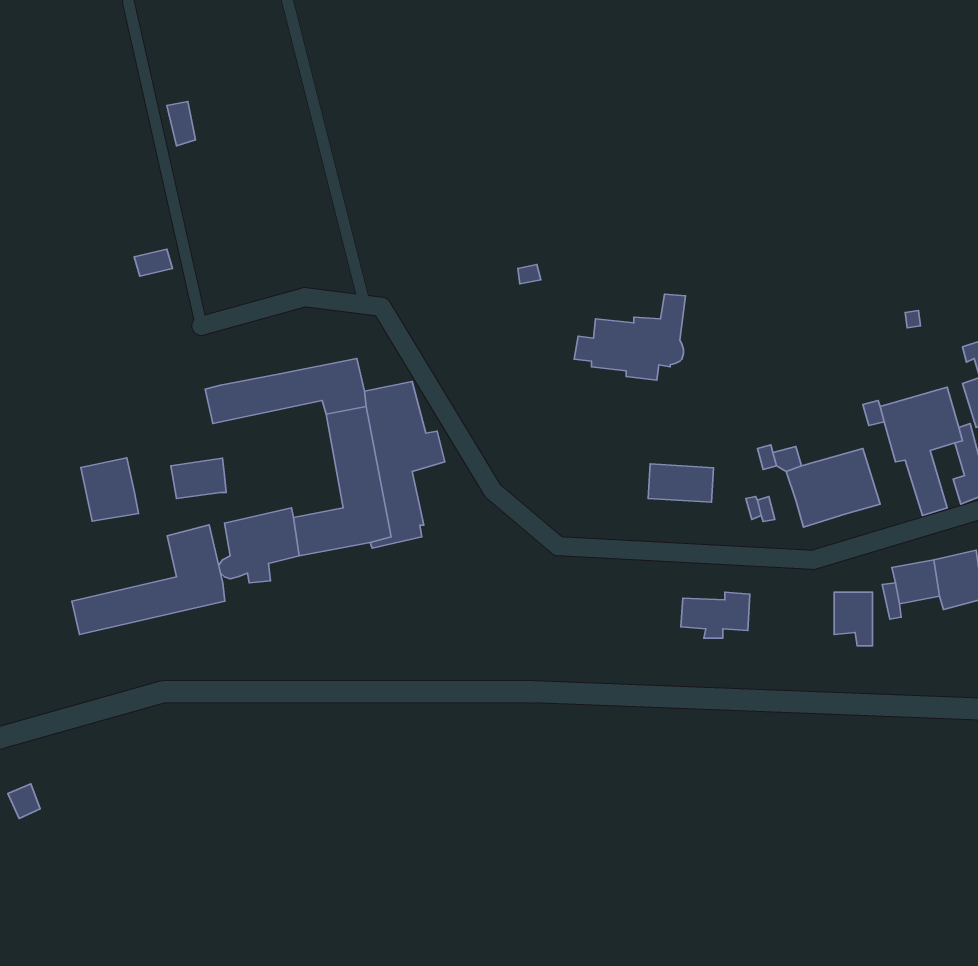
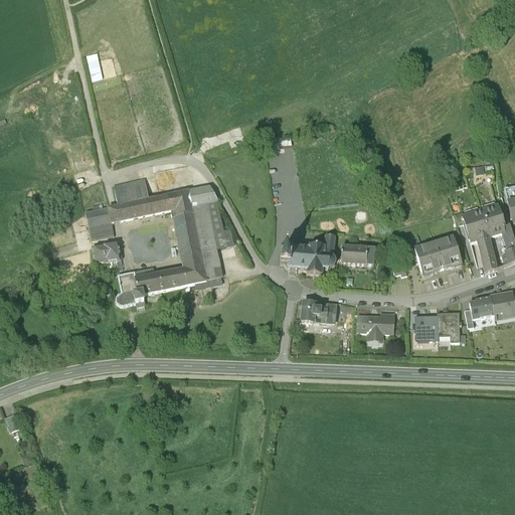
building: [574,294,686,380] -> [281,228,339,274]
building: none -> [113,174,148,202]
building: none -> [188,184,217,205]
building: [81,458,138,521] -> [84,204,115,237]
building: [72,525,225,634] -> none
building: none -> [303,299,337,319]
building: none -> [415,314,439,338]

